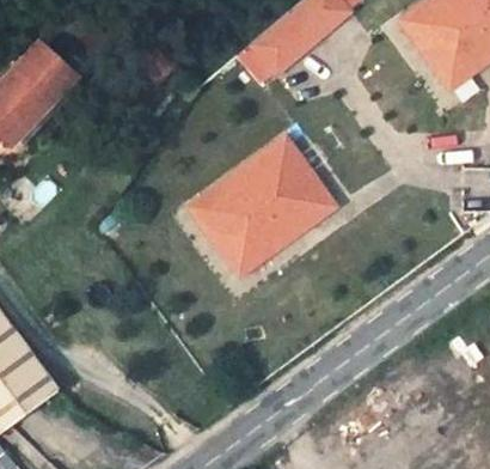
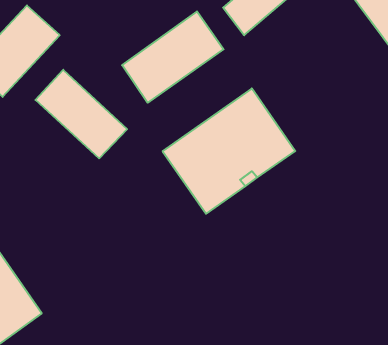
building: none -> [122,11,224,103]
building: none -> [35,70,127,158]

